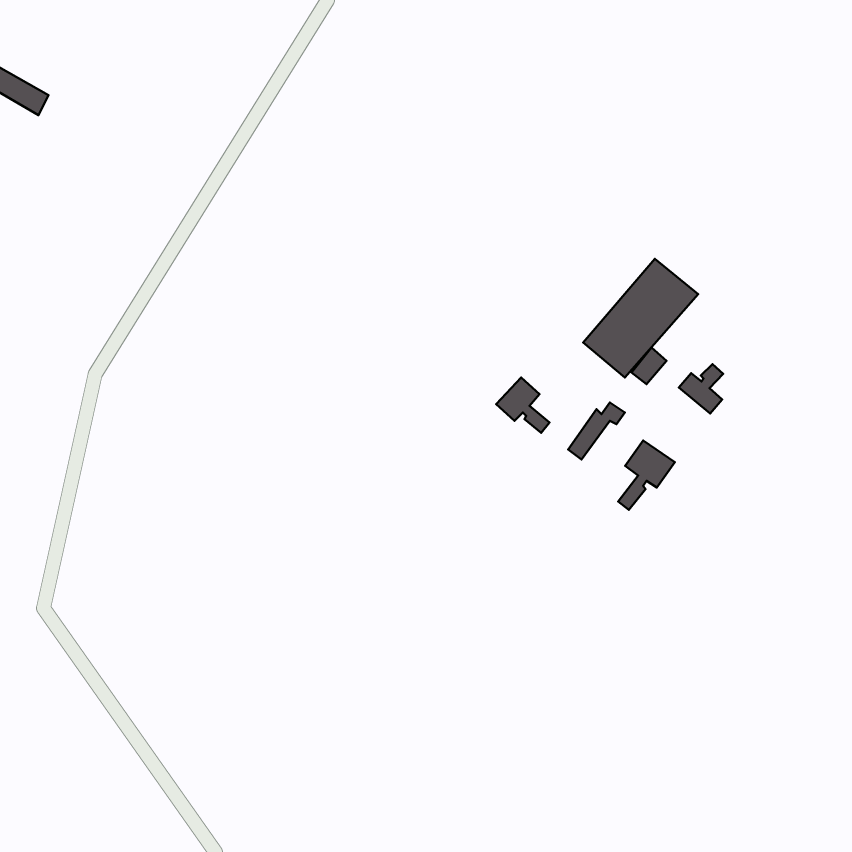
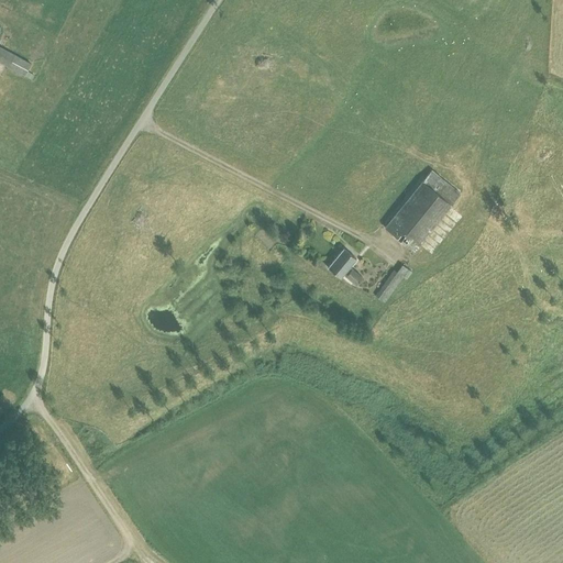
building: [679,364,723,414] -> none
building: [618,440,675,510] -> none

